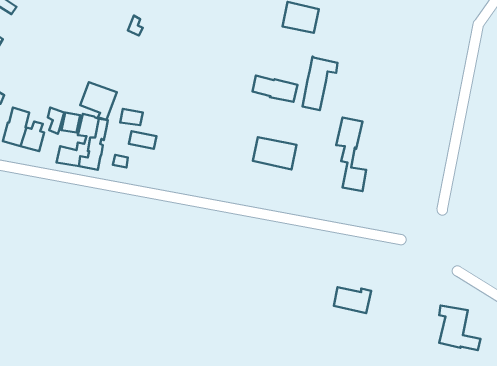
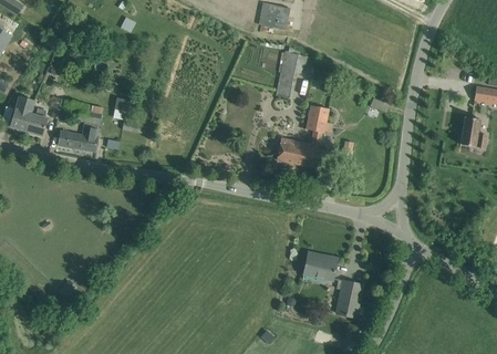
building: [252,76,298,102] -> none
building: [80,82,117,120] -> none
building: [253,137,296,170] -> [277,138,315,167]
building: [439,305,480,350] -> [336,280,373,320]

